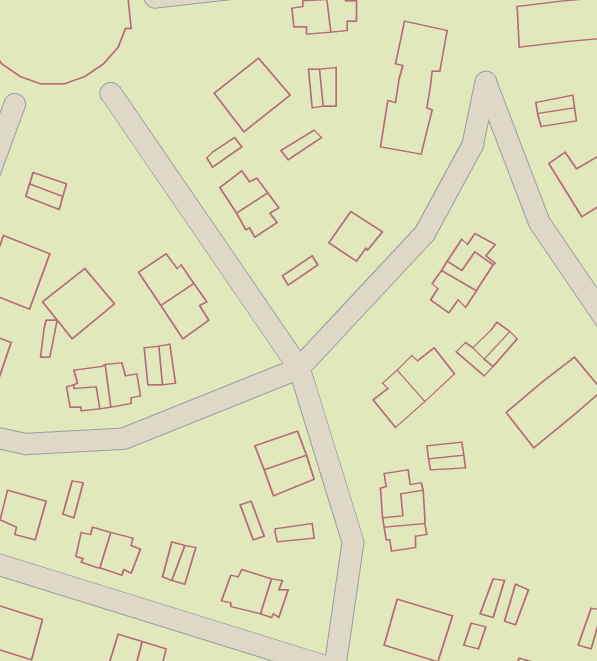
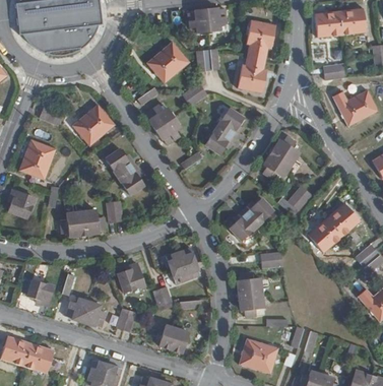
building: none -> [220,107,247,136]
building: [42,269,115,339] -> [72,105,112,143]
building: none -> [117,262,142,291]

